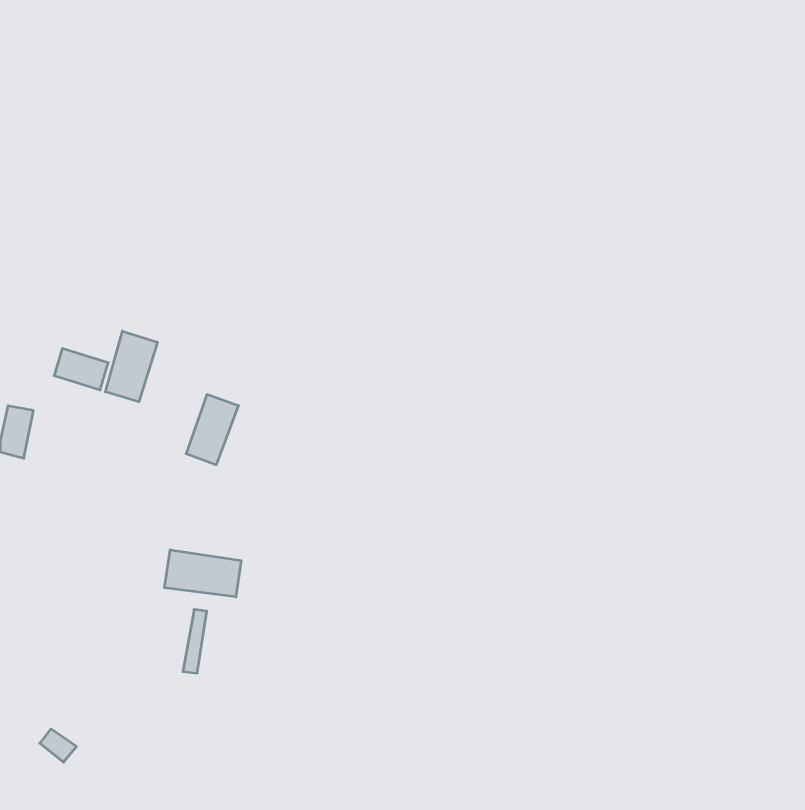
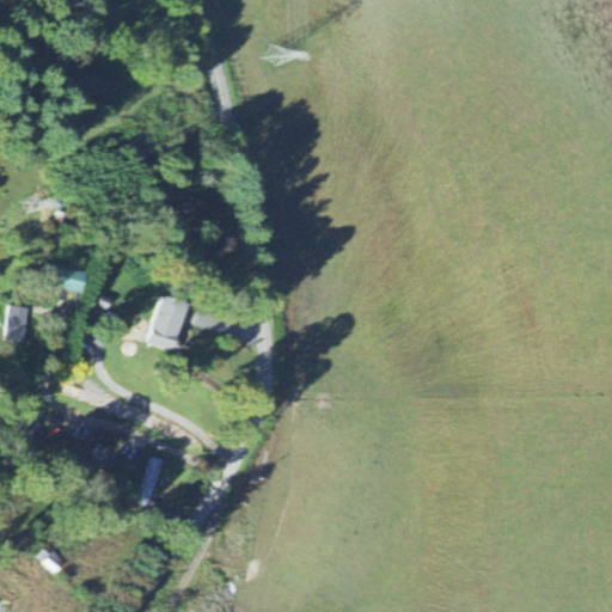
building: [105,331,157,402] -> none
building: [164,550,241,597] -> none

